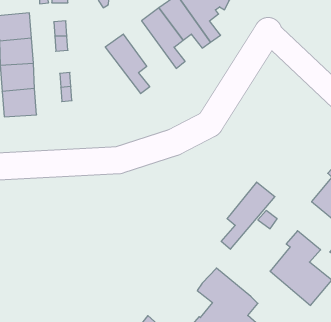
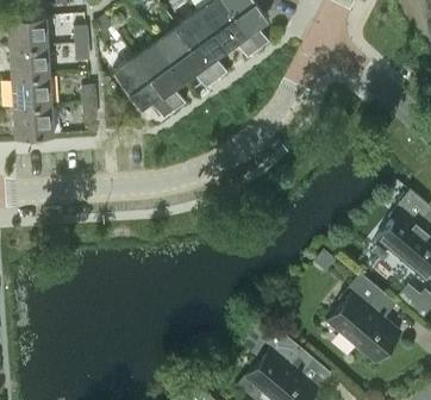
building: none -> [156,26,218,90]
building: none -> [113,57,176,120]
building: [221,182,275,249] -> none

